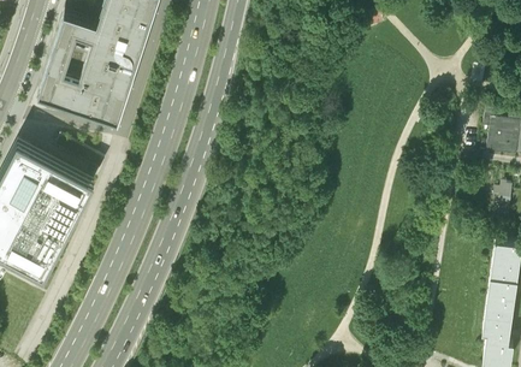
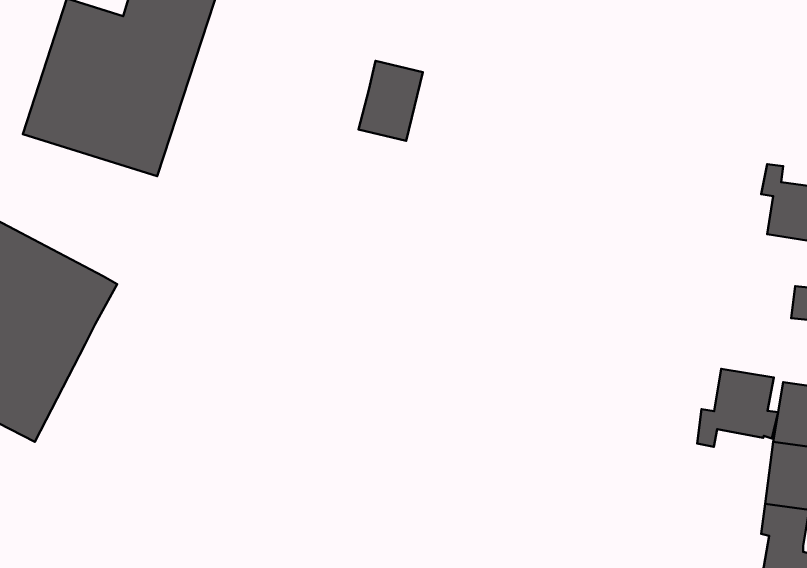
building: none -> [359,61,423,141]
building: none -> [697,369,778,447]

